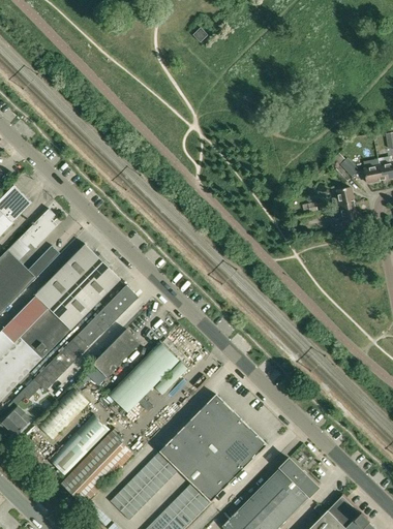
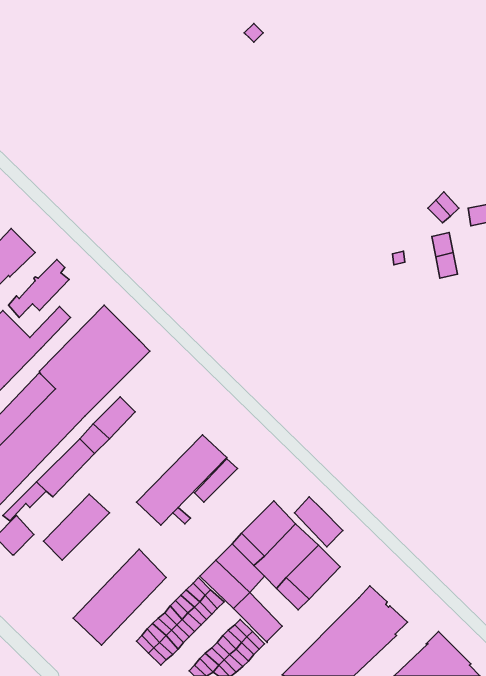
building: [97,284,138,325] -> none
building: [92,330,140,377] -> none
building: [52,415,110,474] -> none
building: [196,452,234,490] -> [294,497,343,547]

